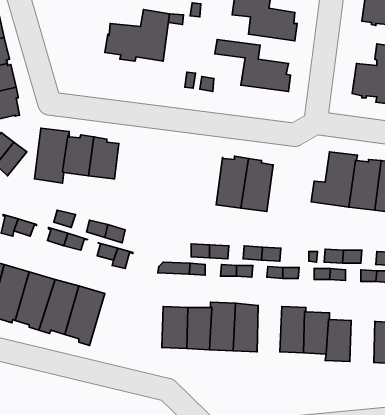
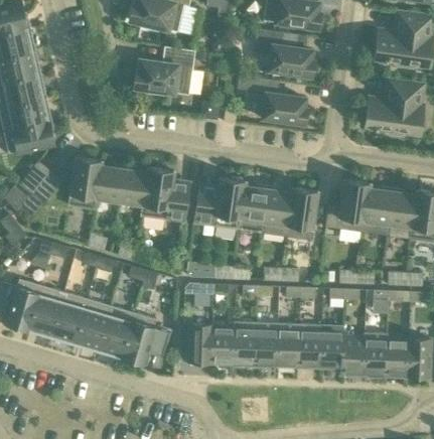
building: none -> [142,168,191,222]
building: none -> [193,178,246,230]
building: none -> [286,188,318,240]
building: none -> [121,312,169,364]
building: none -> [277,323,300,367]
building: none -> [364,332,388,377]

